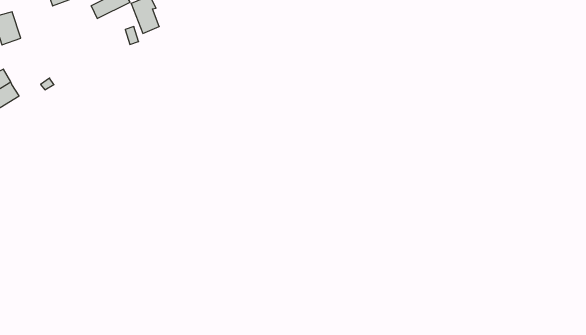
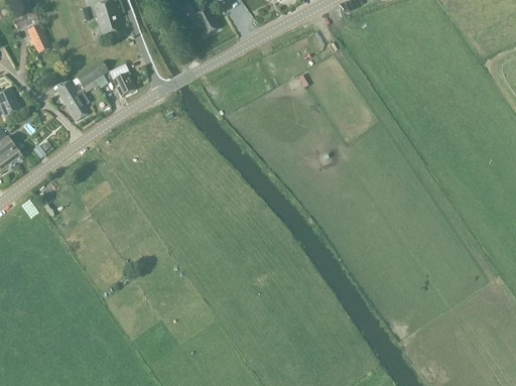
building: none -> [56,81,91,120]

